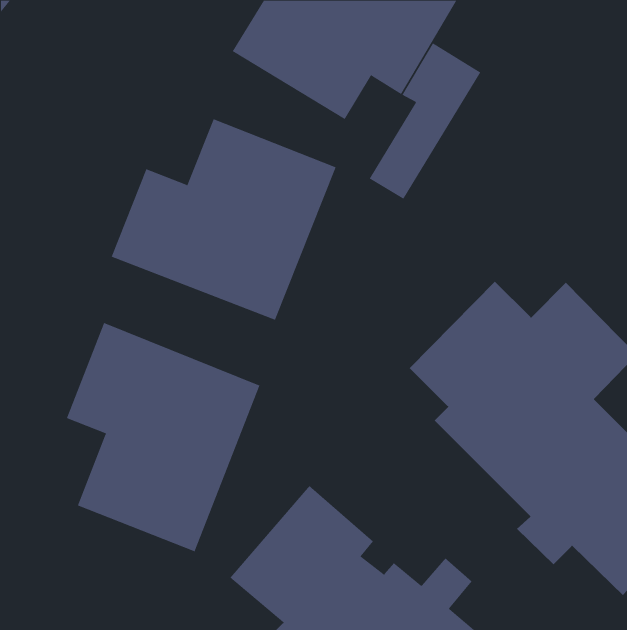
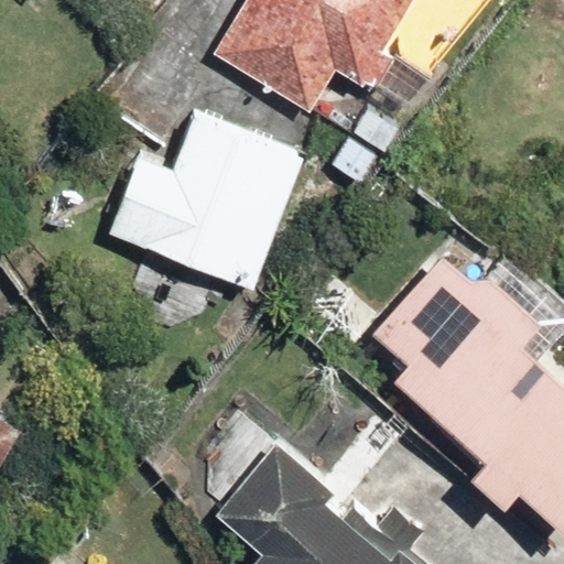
building: [66,322,260,552] -> none

